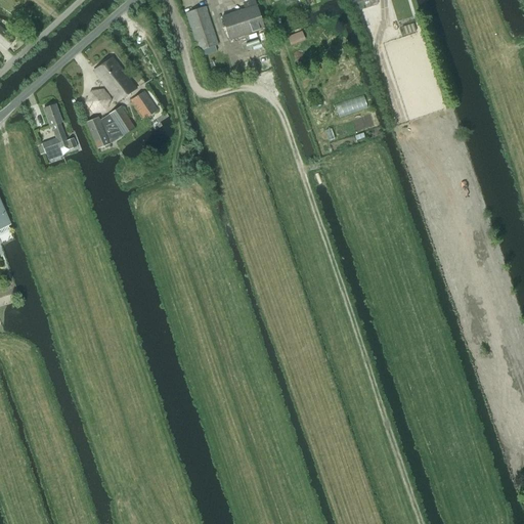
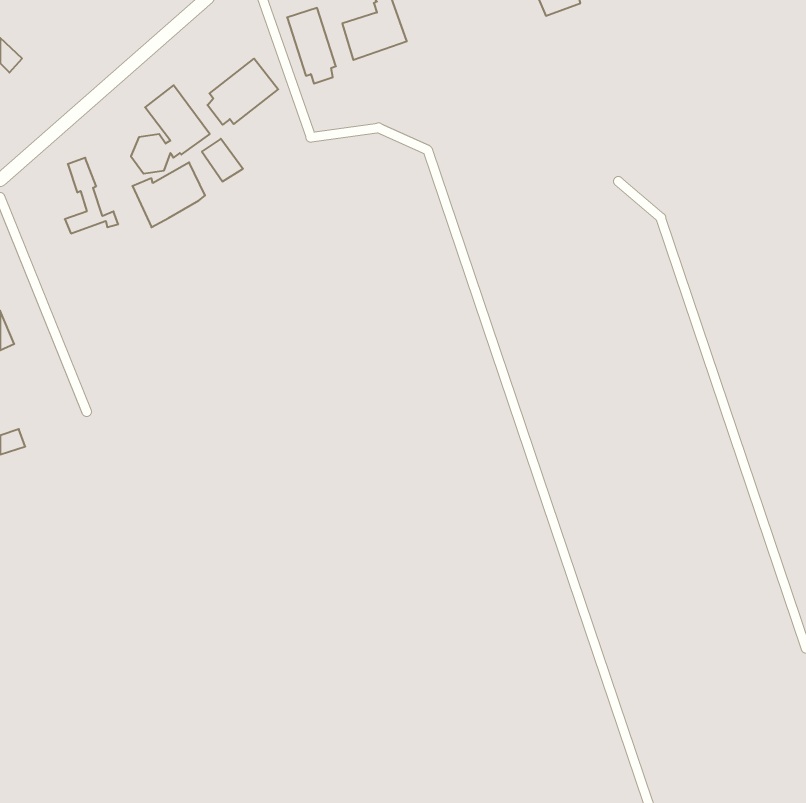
building: none -> [207,59,278,125]

